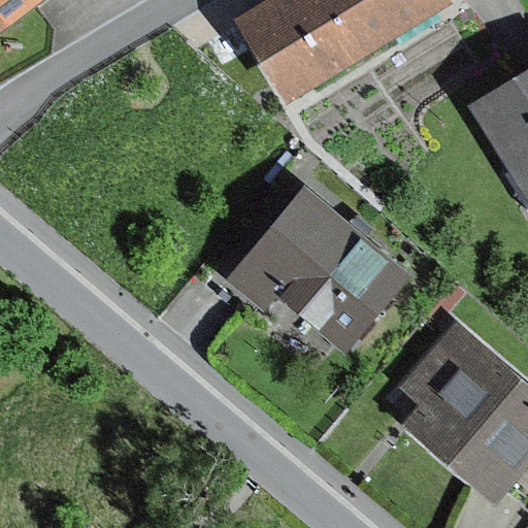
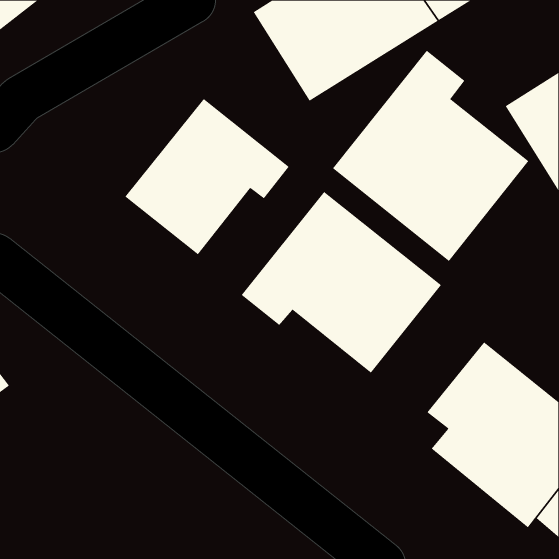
building: none -> [332,50,529,262]
building: none -> [125,98,290,255]

